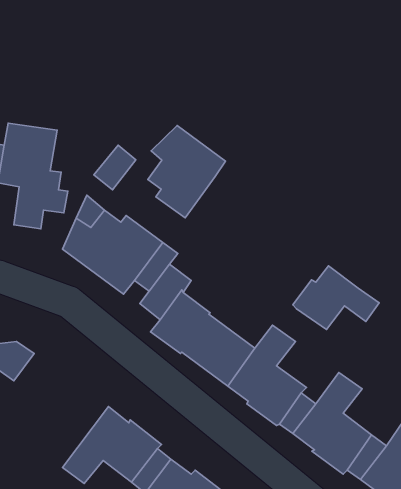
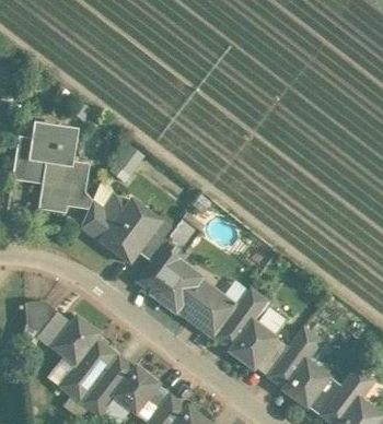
building: [148,126,226,218] -> none
building: [293,266,379,329] -> none
building: none -> [51,315,118,403]

